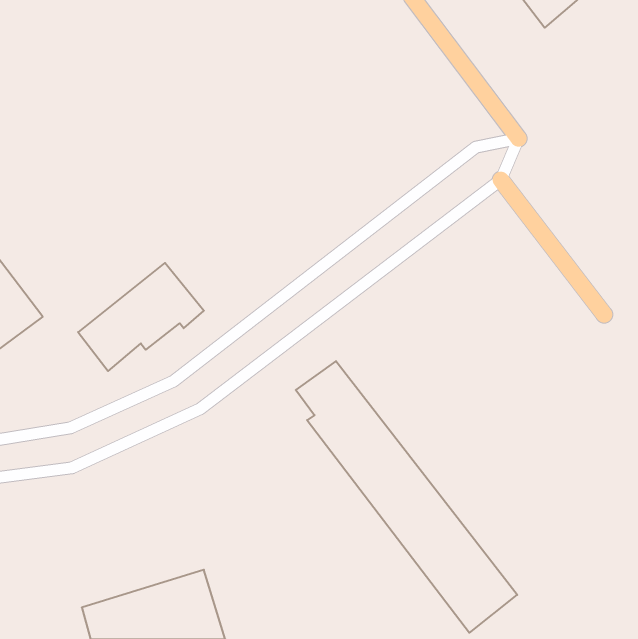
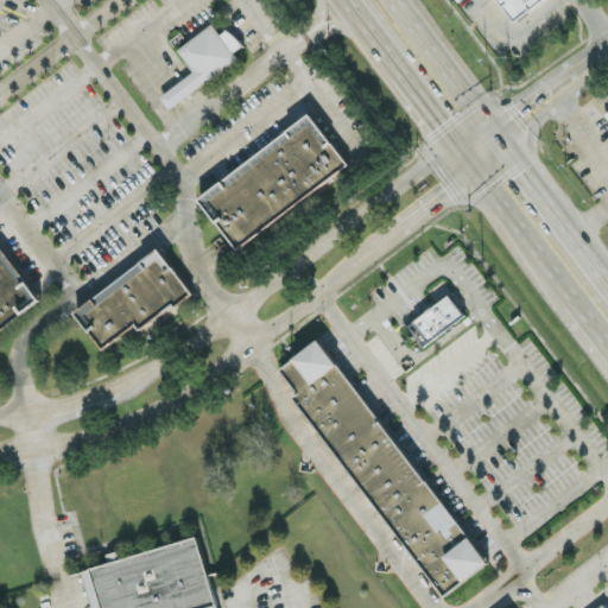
building: none -> [157,23,240,109]
building: none -> [196,113,347,251]
building: none -> [405,296,462,342]

